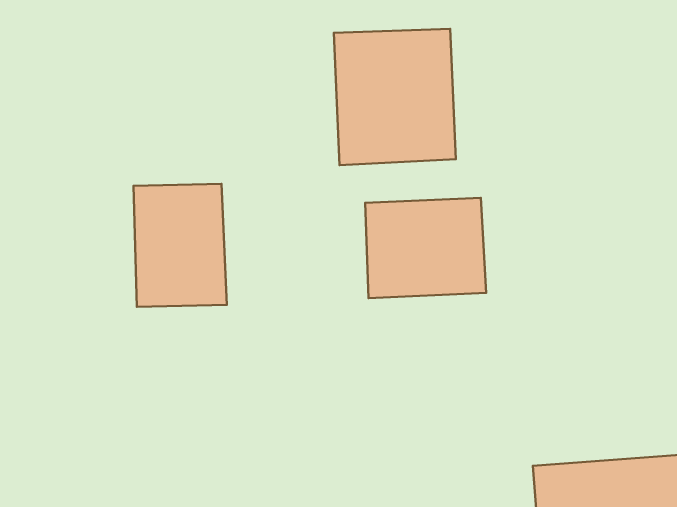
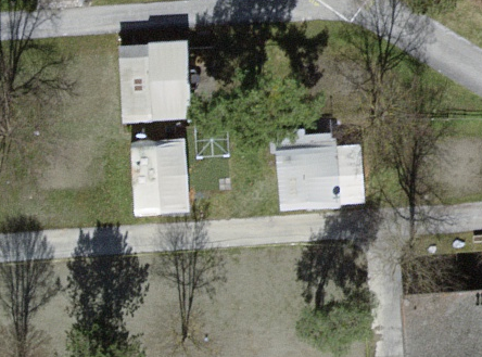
building: [334,29,456,165] -> none
building: none -> [120,40,192,120]

